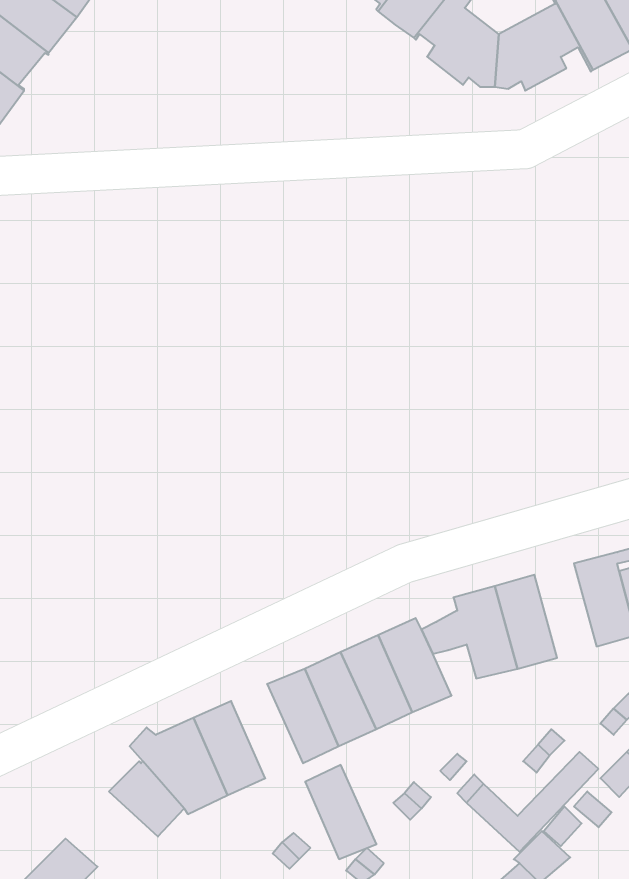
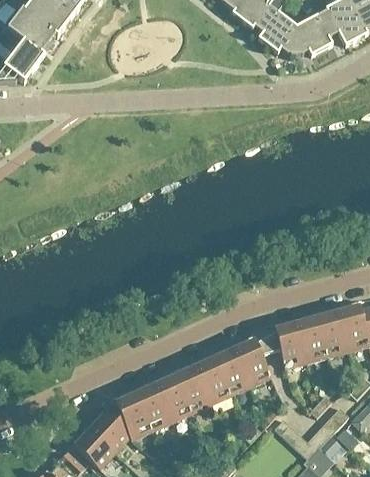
building: none -> [315,307,348,357]
building: [305,765,377,859] -> [154,371,192,421]
building: none -> [74,428,115,469]

